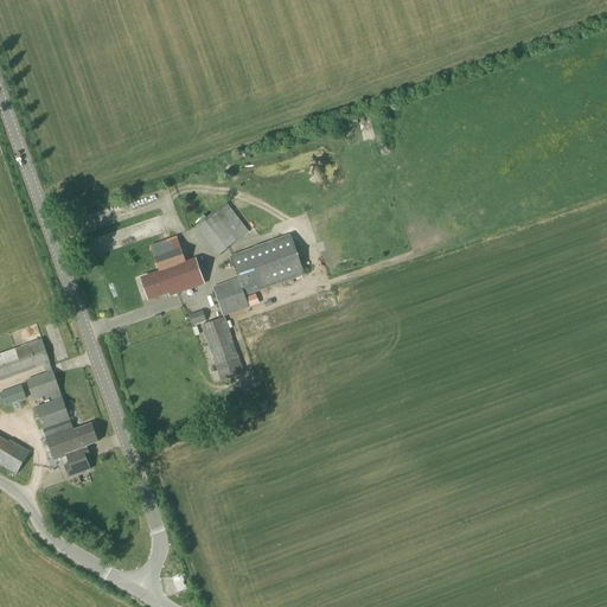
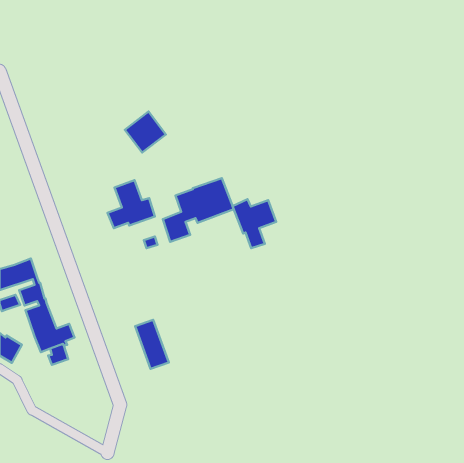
building: [194,200,248,254] -> [125,112,166,153]
building: none -> [233,199,276,248]
building: [199,315,243,379] -> [135,320,169,369]

